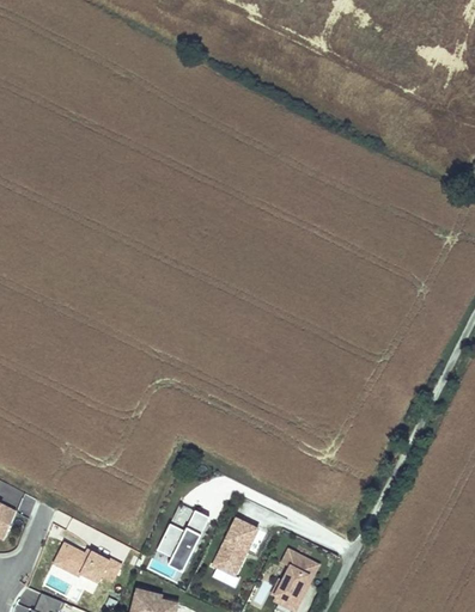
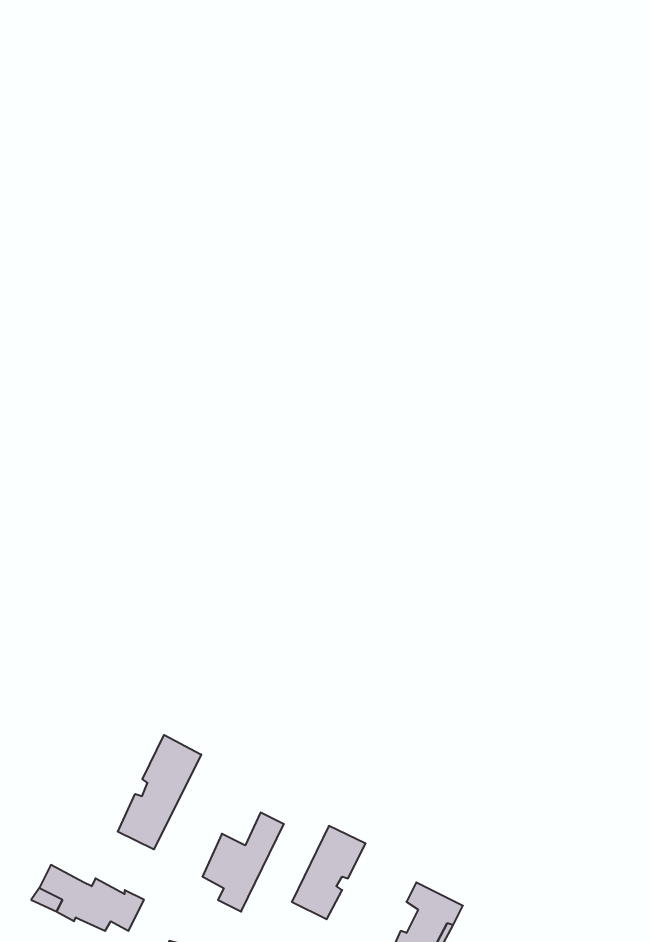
building: none -> [118,735,201,849]

